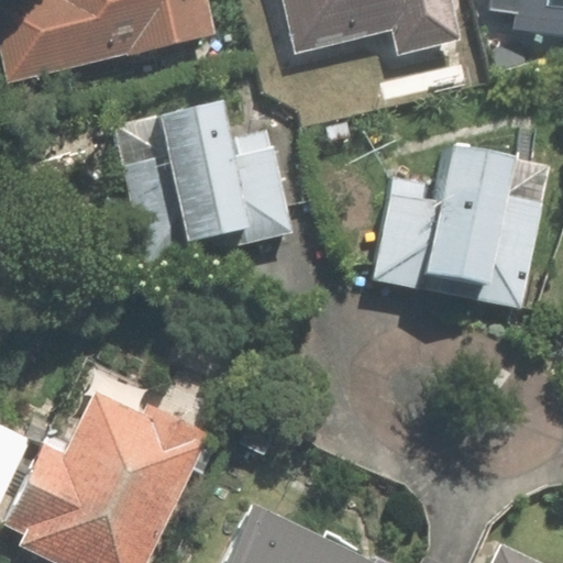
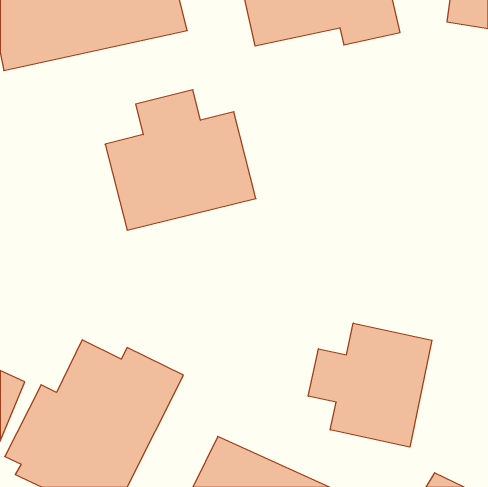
building: [372,142,552,311] -> none
building: none -> [308,323,432,447]

